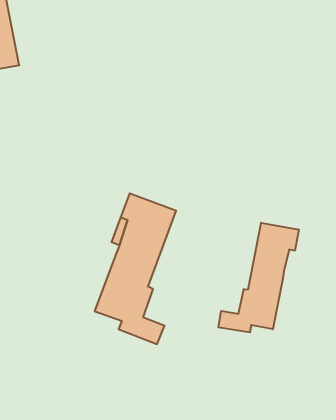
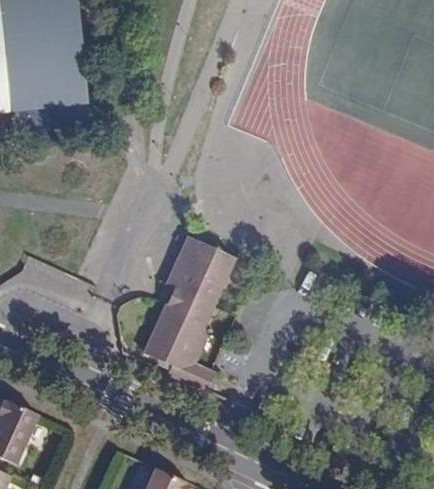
building: [218,223,299,332] -> none

